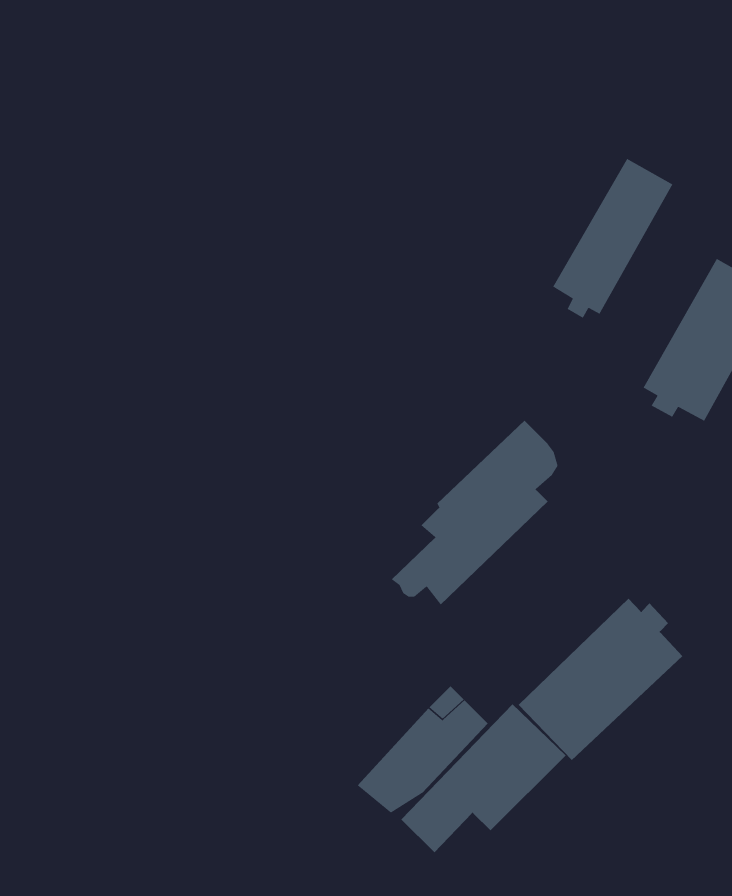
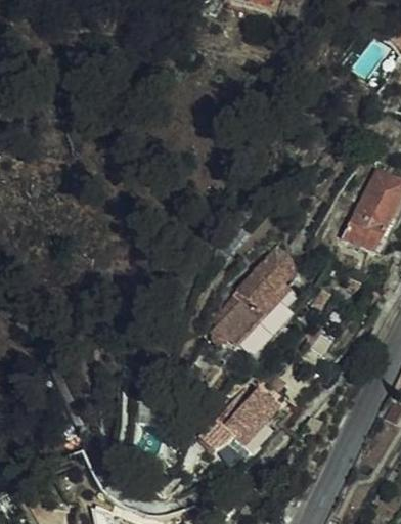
building: [552,158,674,319] -> none
building: [518,598,683,761] -> none

